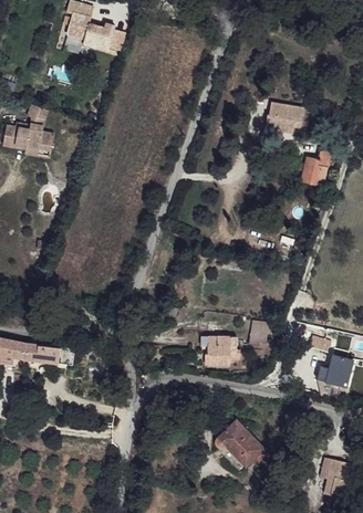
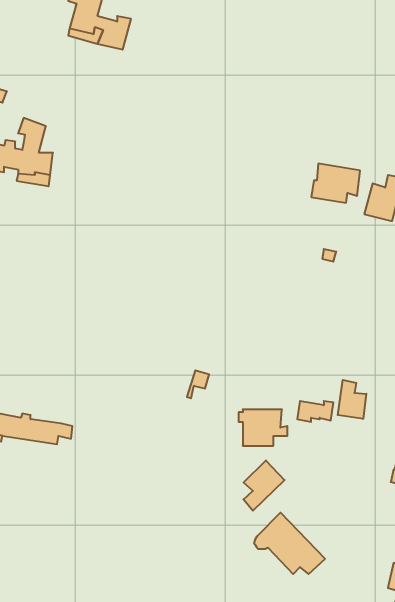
building: [265,103,303,134] -> [311,164,360,203]
building: none -> [338,380,366,419]
building: none -> [243,460,285,511]

